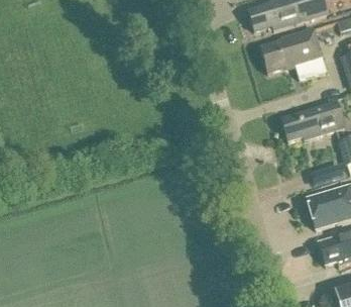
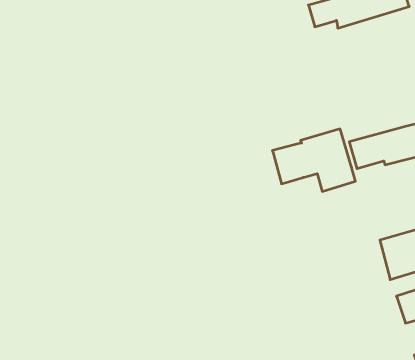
building: [261,28,327,78] -> [272,129,355,191]

